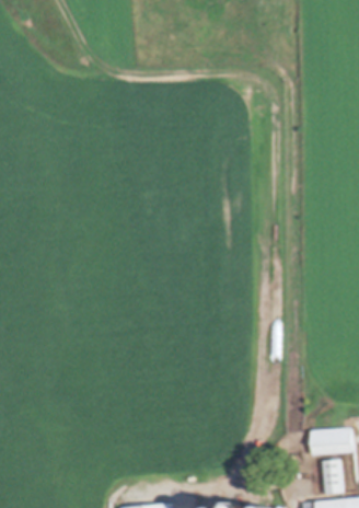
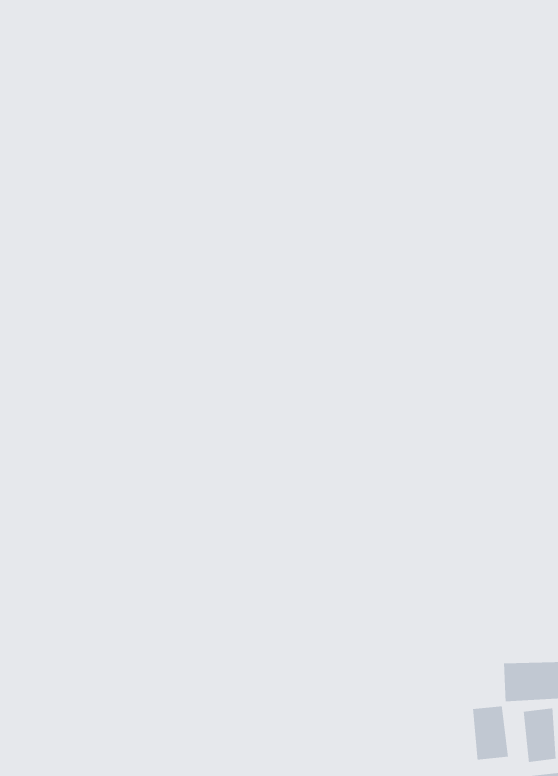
building: none -> [472,706,509,761]

